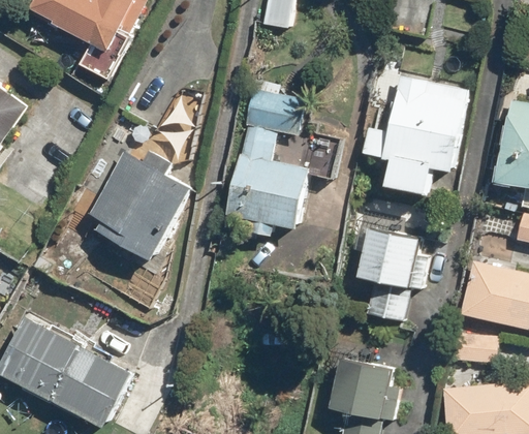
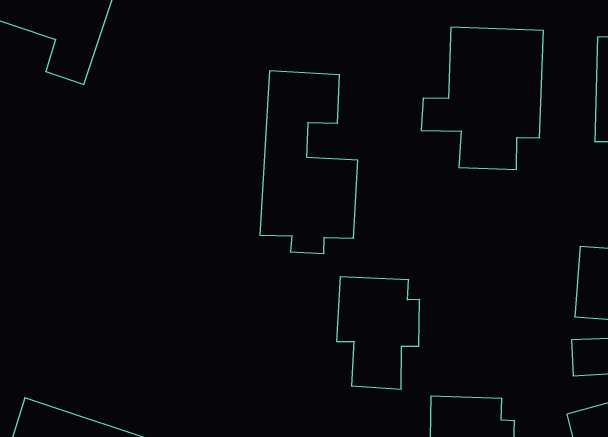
building: [82,149,194,260] -> none
building: [360,228,429,322] -> [337,277,420,389]

